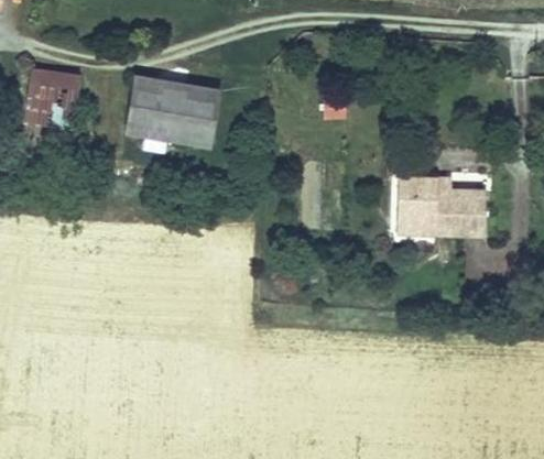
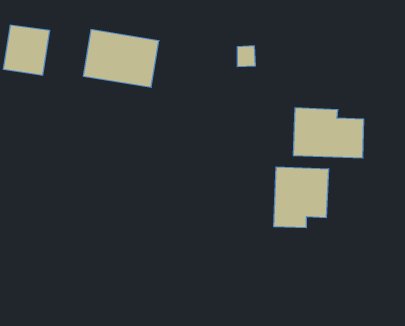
building: none -> [274,167,329,228]

